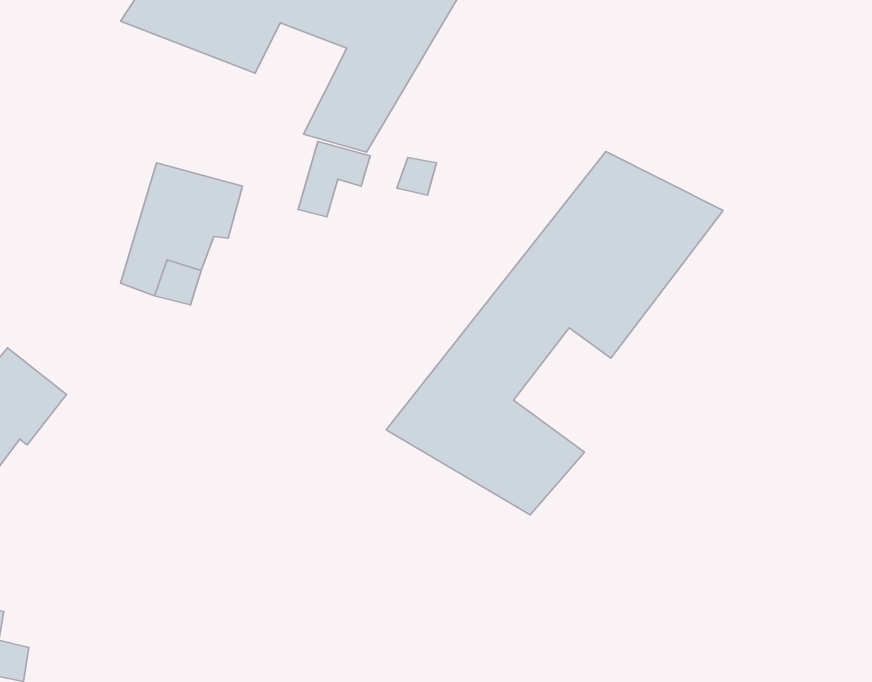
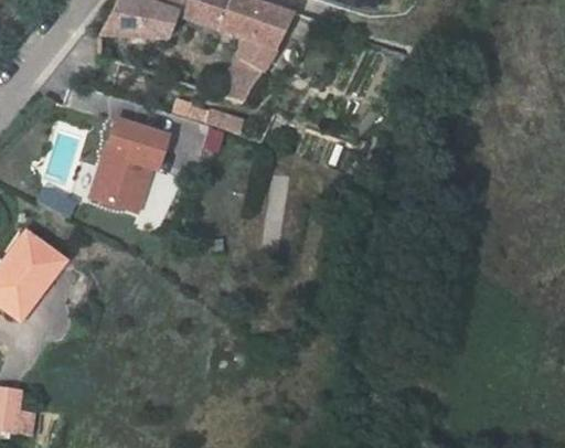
building: [386,151,723,515] -> none

